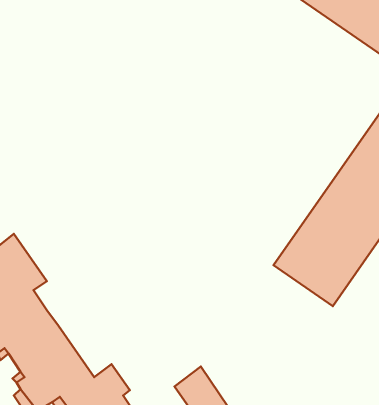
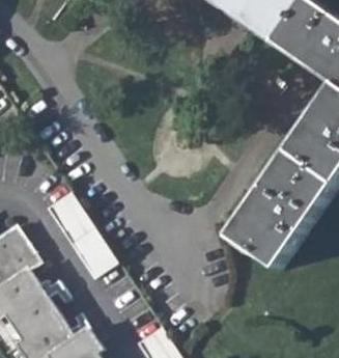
building: none -> [48,182,119,268]

